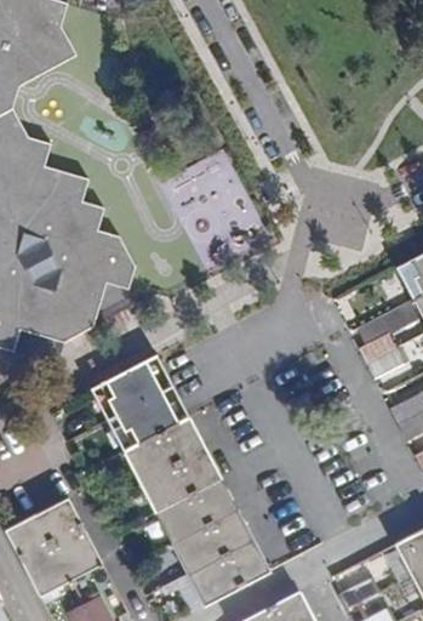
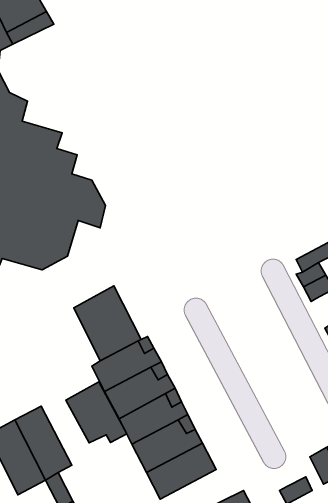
building: none -> [66,382,127,443]

